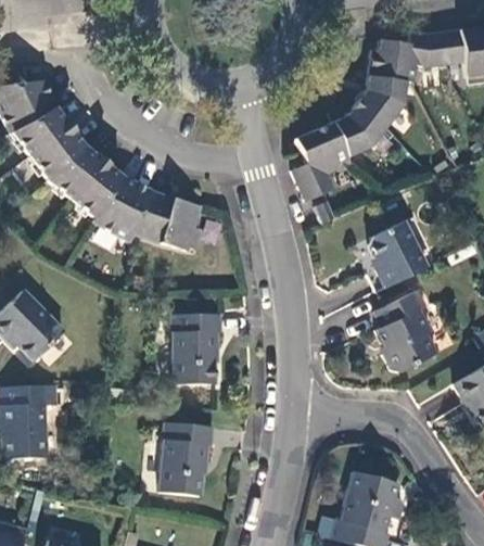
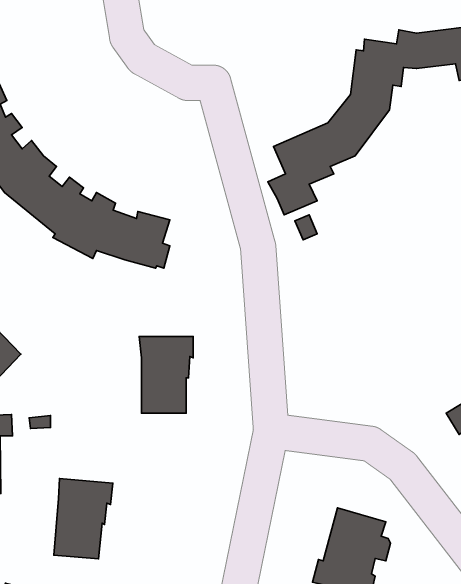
building: [368,221,425,288] -> none
building: [374,289,437,371] -> none
building: [160,421,214,495] -> [54,478,113,559]

